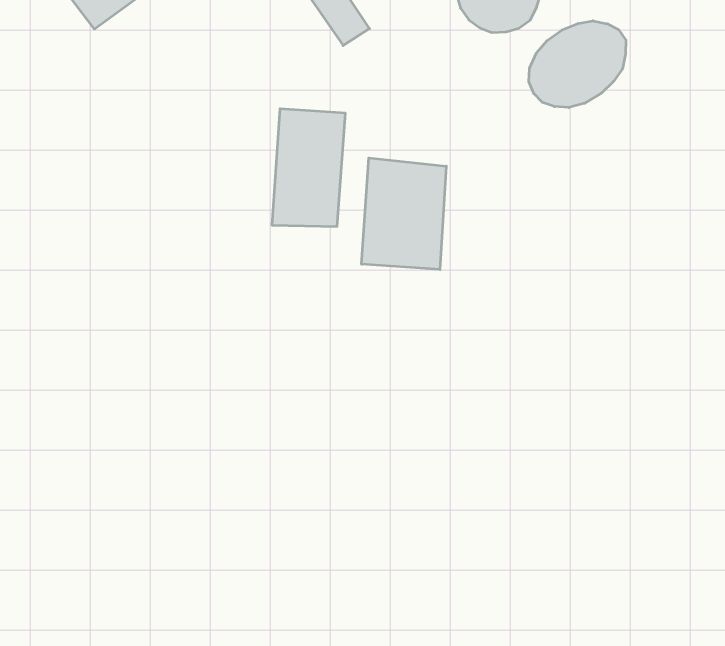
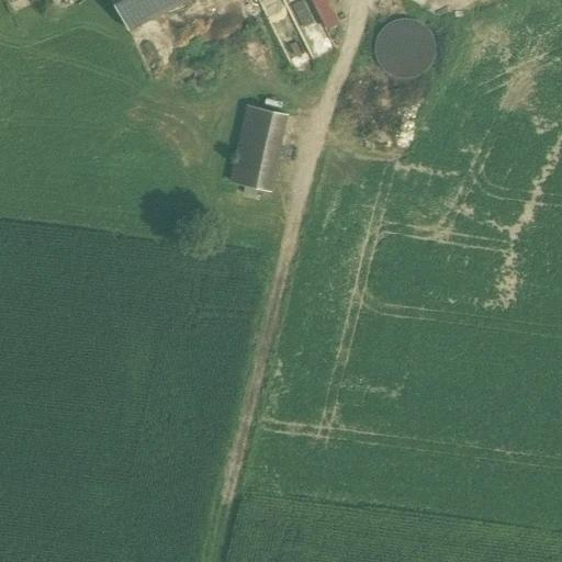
building: [529,21,626,108] -> none
building: [362,158,446,270] -> none

